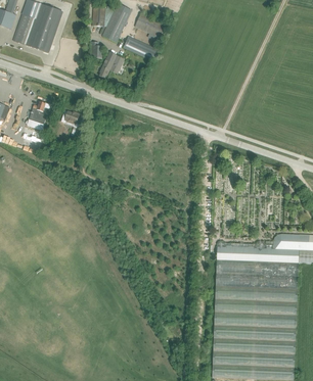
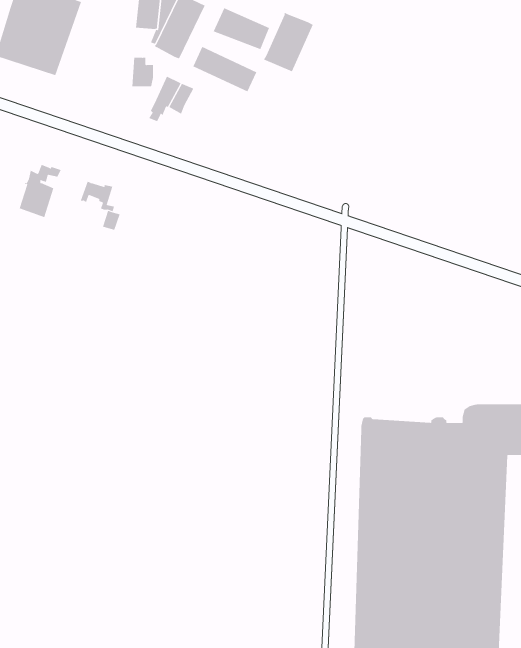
building: none -> [263,12,313,72]

